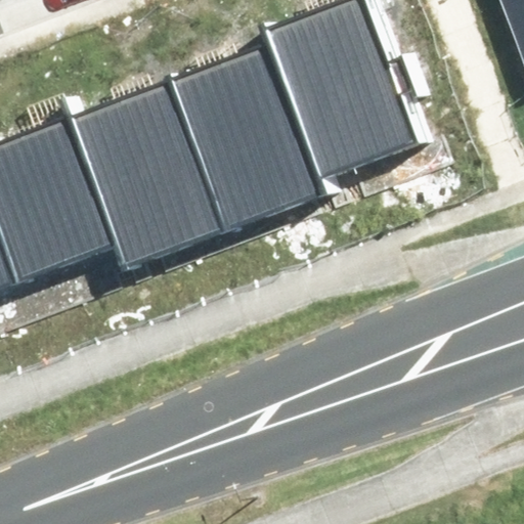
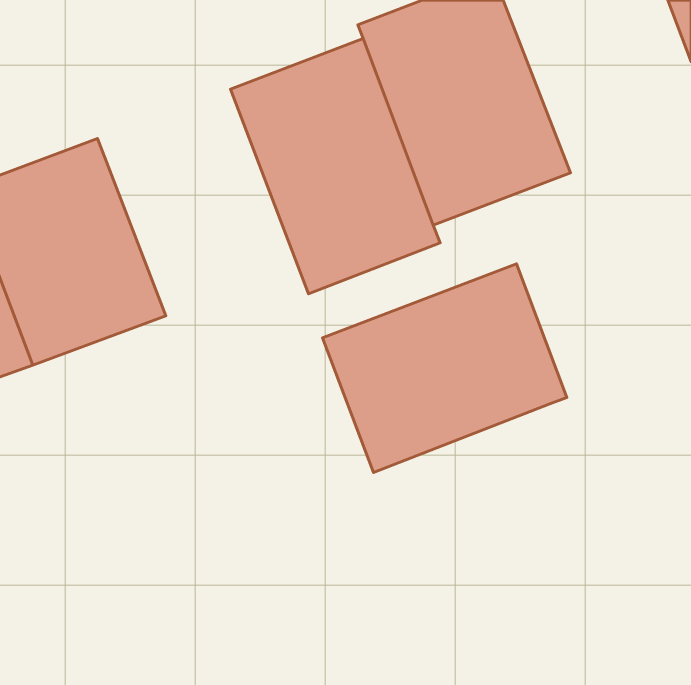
building: [73,79,230,268] -> none
building: none -> [322,264,567,472]

